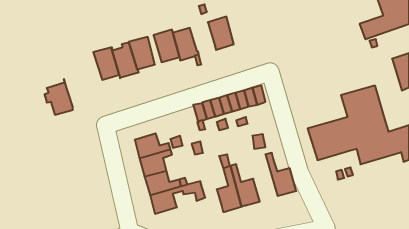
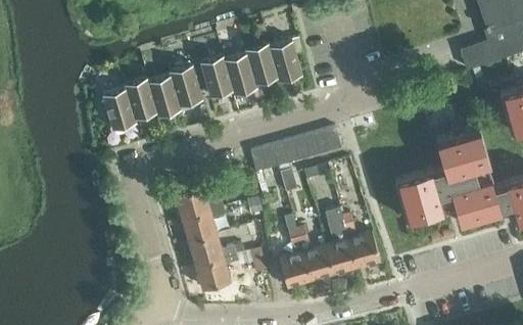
building: none -> [245,44,278,85]
building: [44,79,73,115] -> [100,86,136,131]
building: none -> [325,207,356,274]

